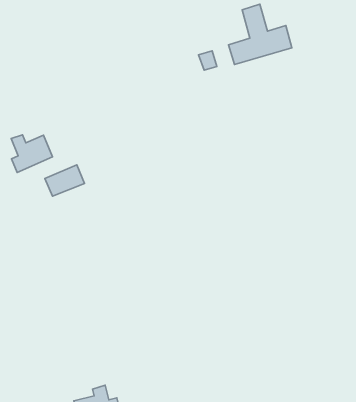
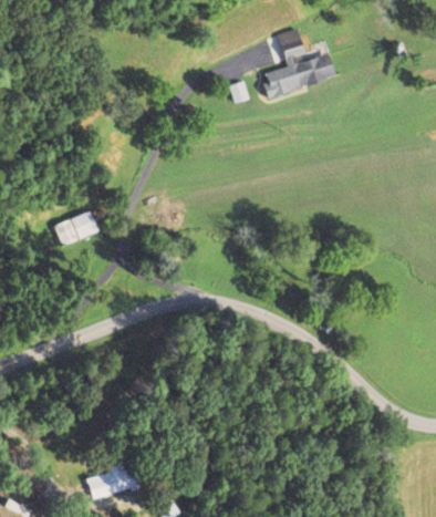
building: [11,135,52,172] -> none

